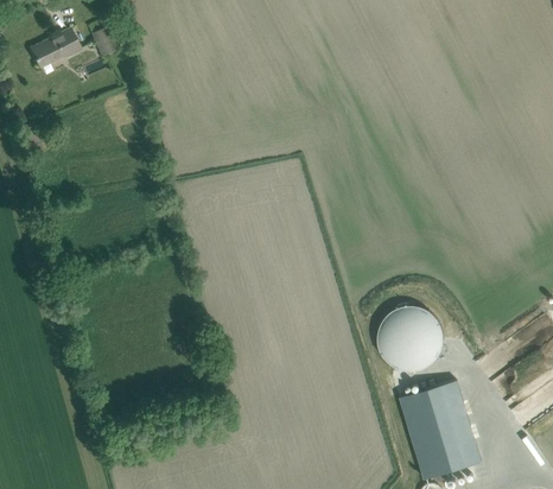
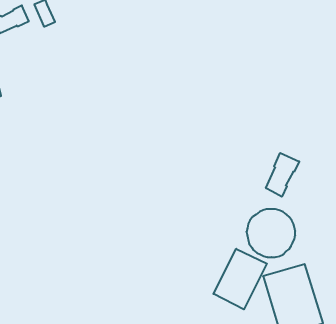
building: none -> [266,153,299,197]
building: none -> [213,249,267,309]

